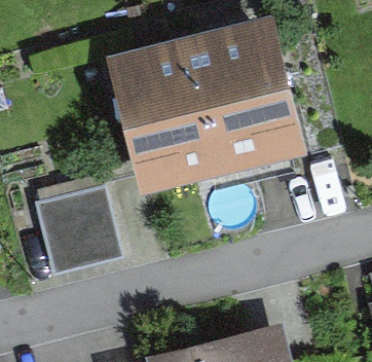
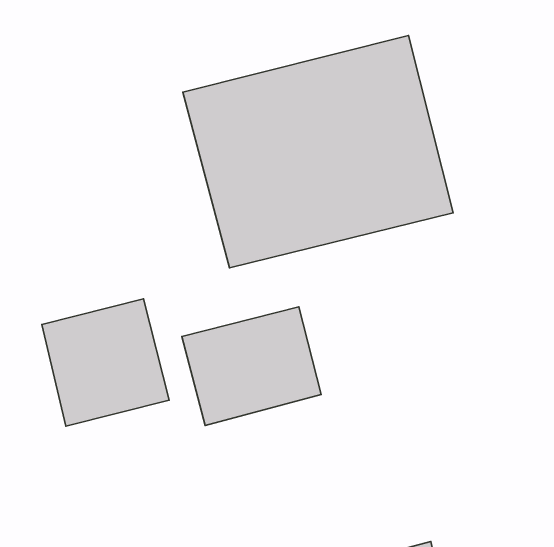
building: none -> [182,307,321,425]

